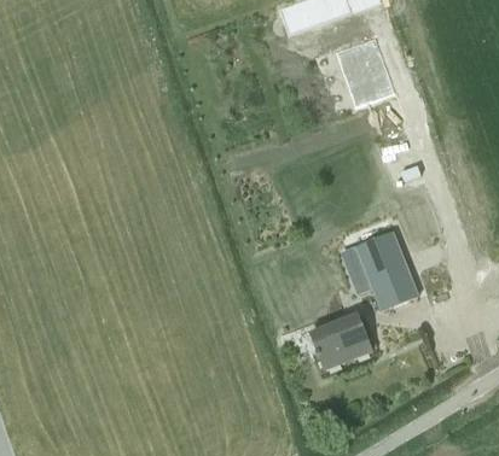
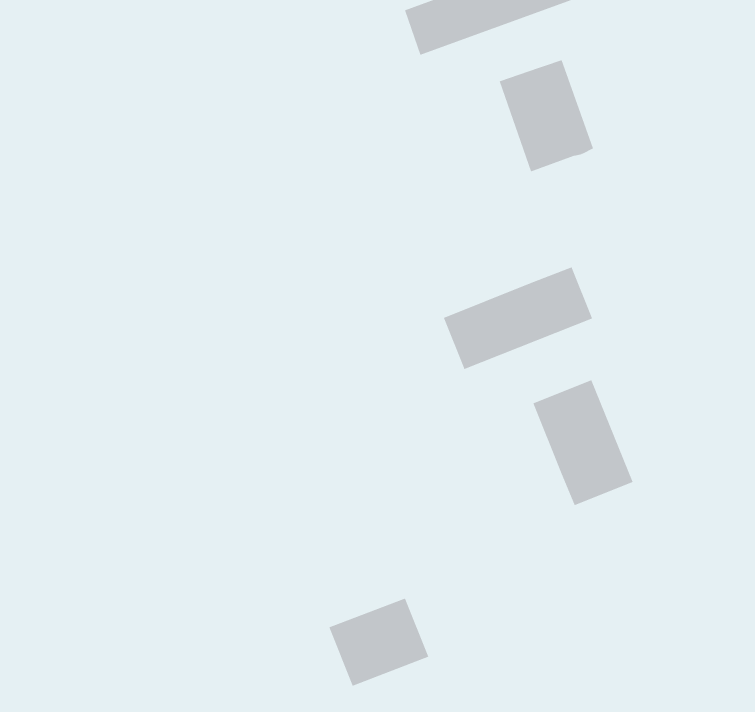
building: none -> [443,266,593,370]
building: [309,315,371,369] -> [328,598,429,687]

